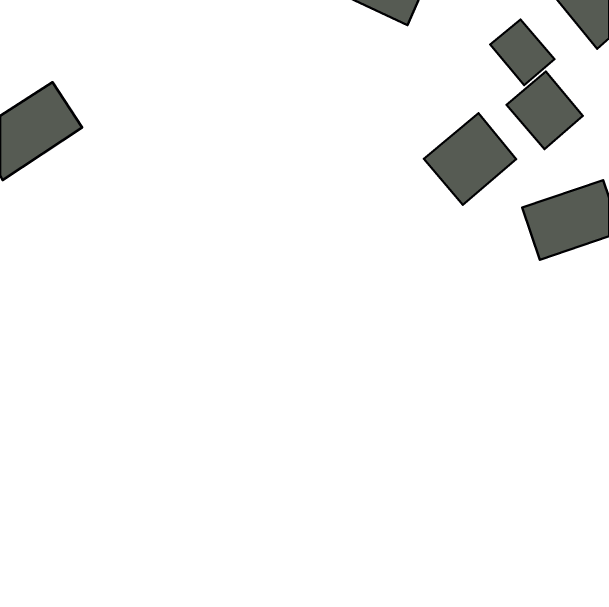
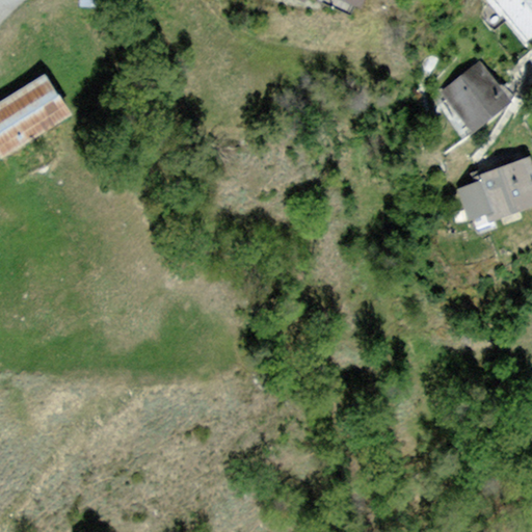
building: [490,19,555,85] -> none
building: [424,113,516,205] -> none

